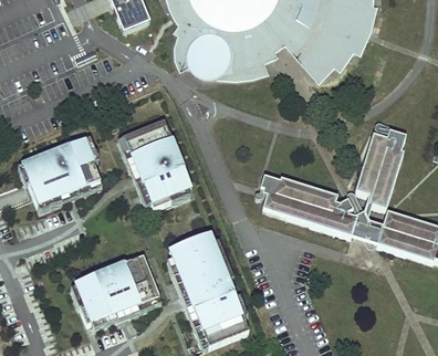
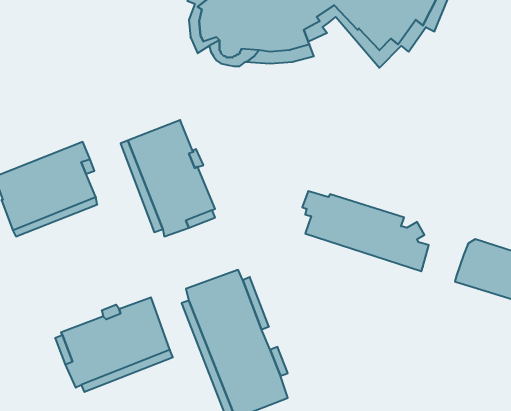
building: [354,130,405,207] -> none
building: [351,216,382,239] -> none

